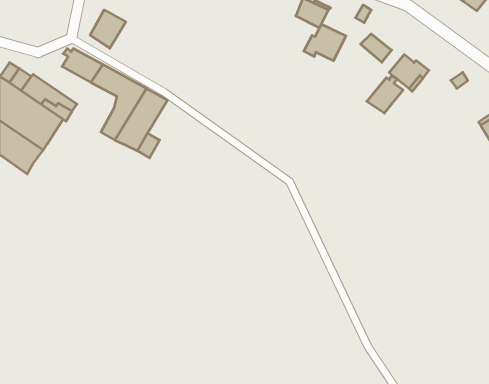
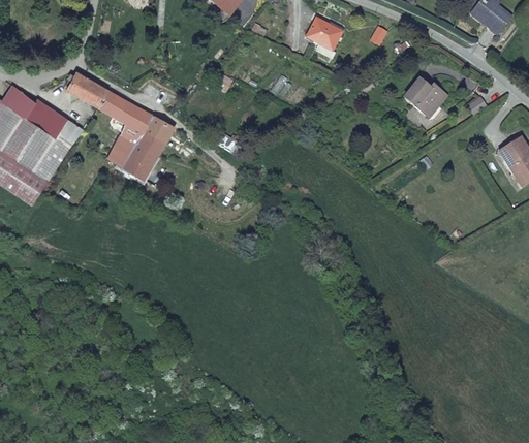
building: [90,10,126,48] -> none
building: [304,24,346,61] -> none
building: [361,34,392,62] -> none
building: [367,76,403,113] -> none

